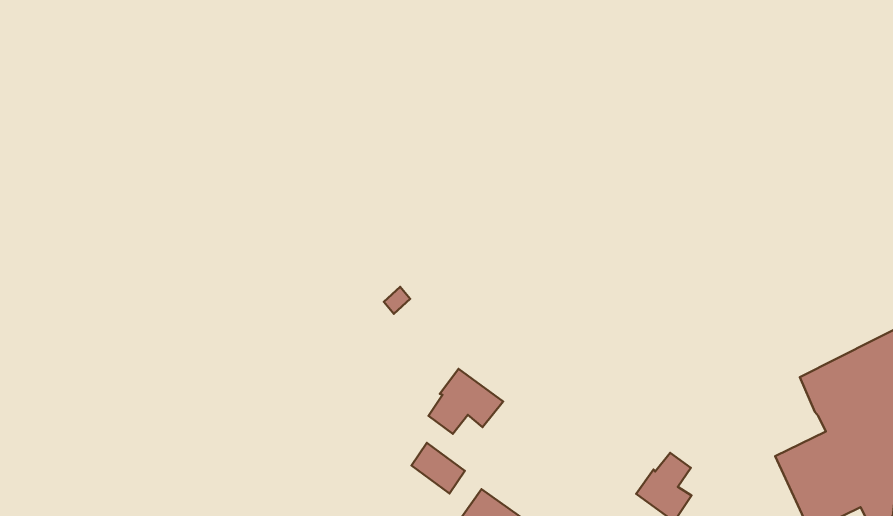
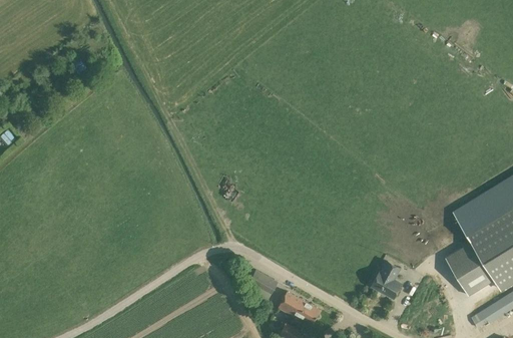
building: [428,369,503,434] -> none

